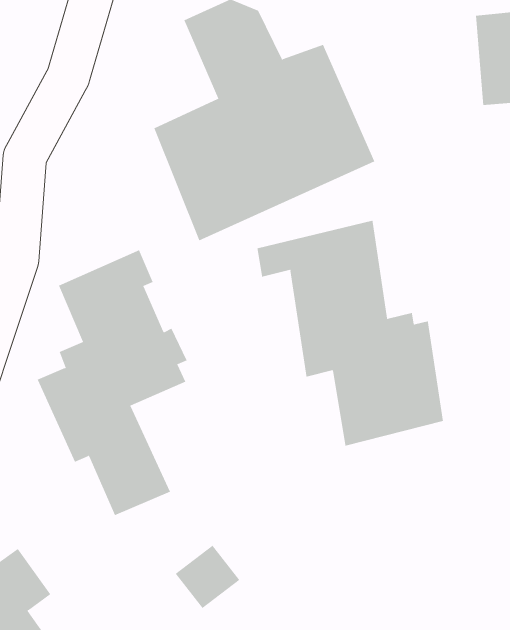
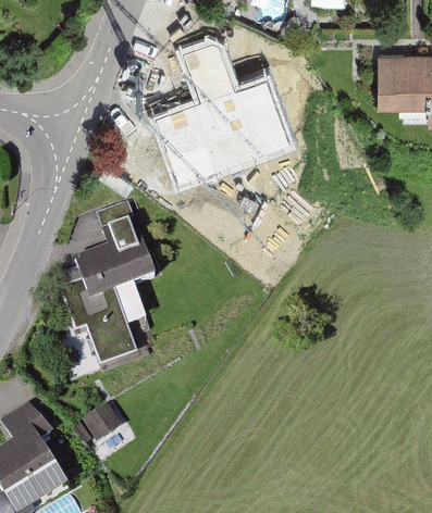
building: [257,220,443,447] -> none
building: [175,545,240,609] -> [82,399,125,441]

